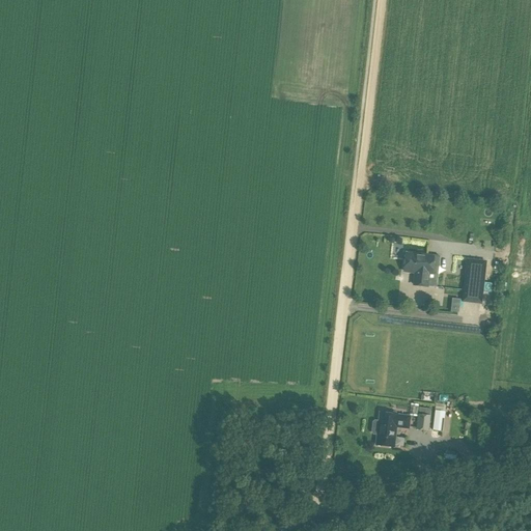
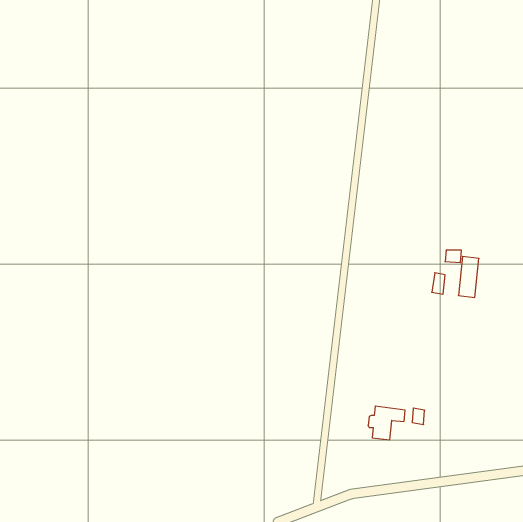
building: [404,252,434,284] -> none

